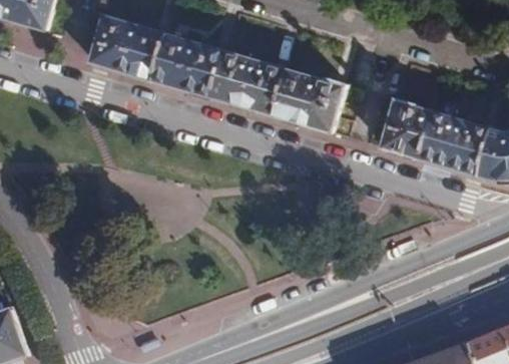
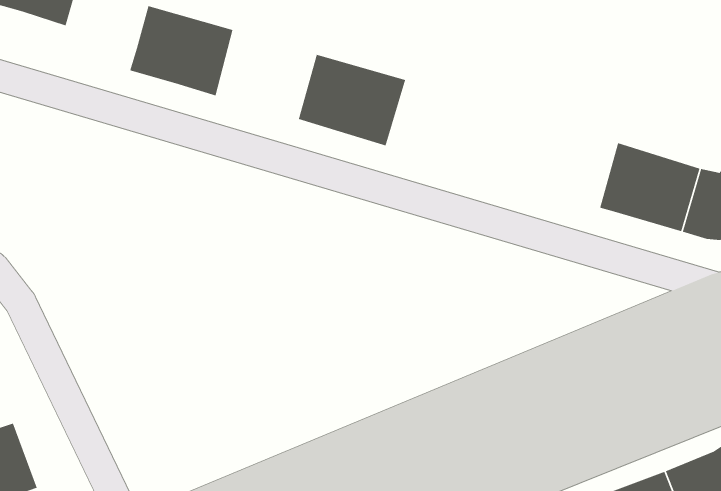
building: [152,32,222,95] -> none
building: [272,67,346,131] -> none
building: [382,99,434,157] -> none

